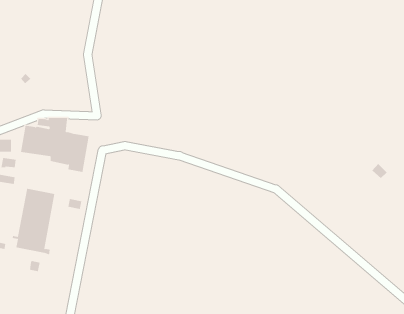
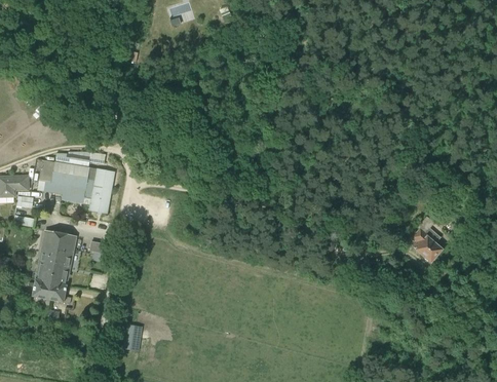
building: none -> [411,217,442,263]
building: none -> [122,323,141,349]

